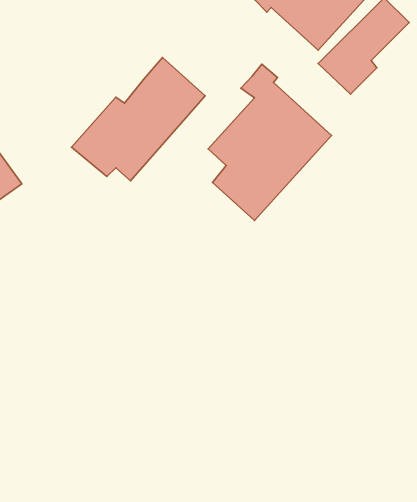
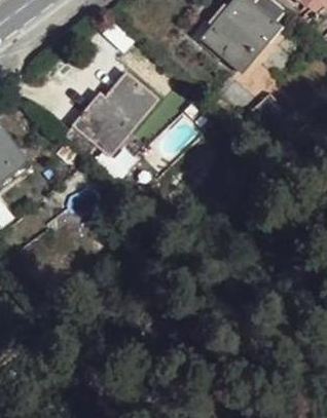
building: [208,64,332,220] -> none

